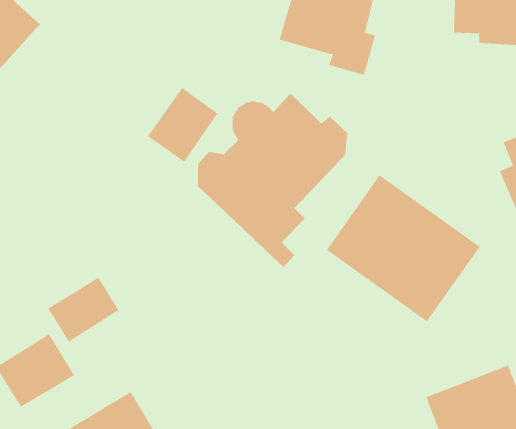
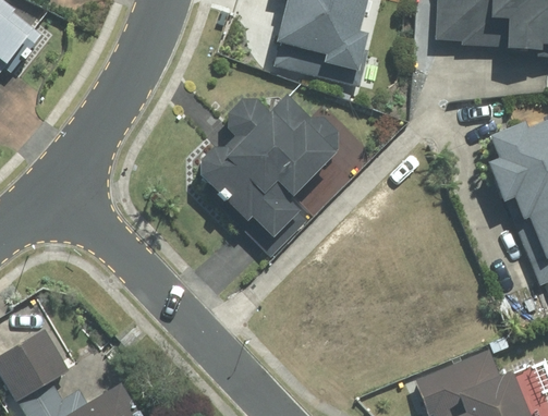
building: [147,87,218,163] -> none
building: [326,174,480,322] -> none
building: [47,277,119,343] -> none

